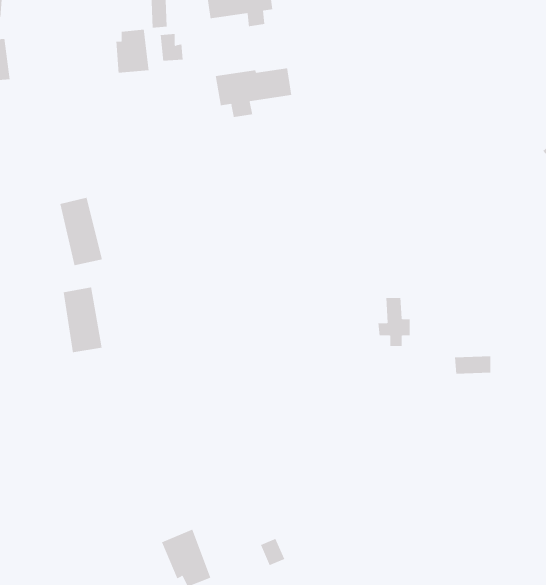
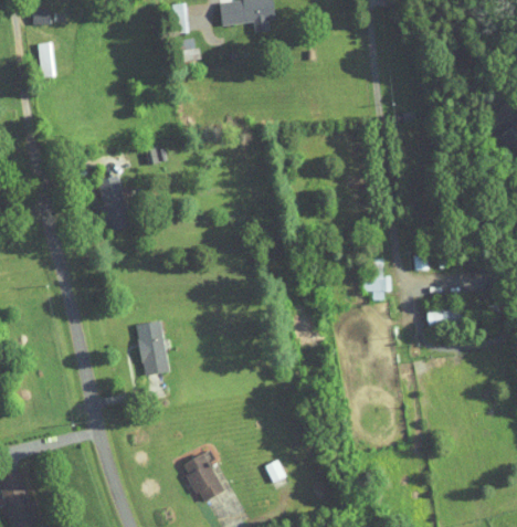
building: [116,29,149,73] -> none
building: [215,67,292,118] -> none
building: [63,287,103,353] -> [136,320,169,376]

